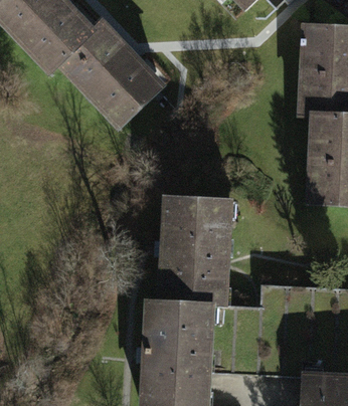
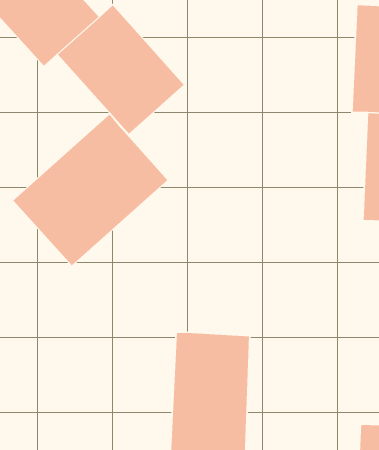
building: none -> [13,113,168,266]
building: [163,197,229,297] -> none

